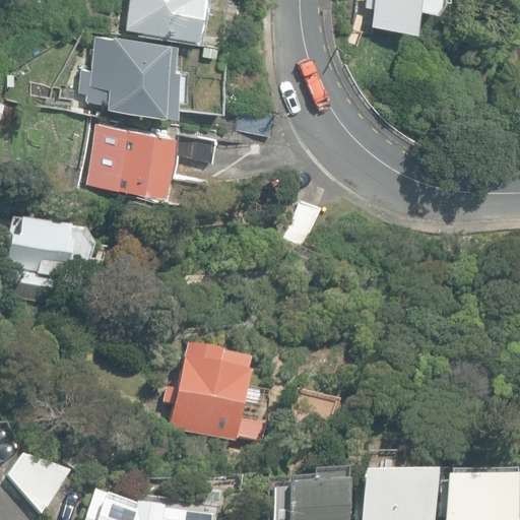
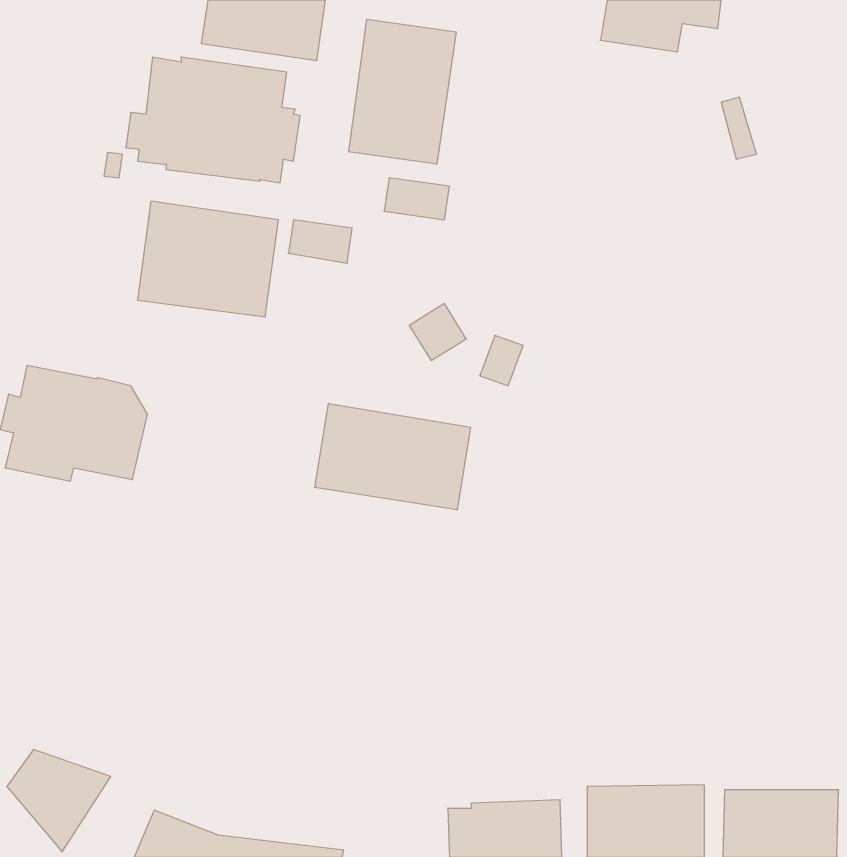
building: none -> [349,19,456,164]
building: none -> [315,403,470,510]
building: [167,349,269,442] -> none

